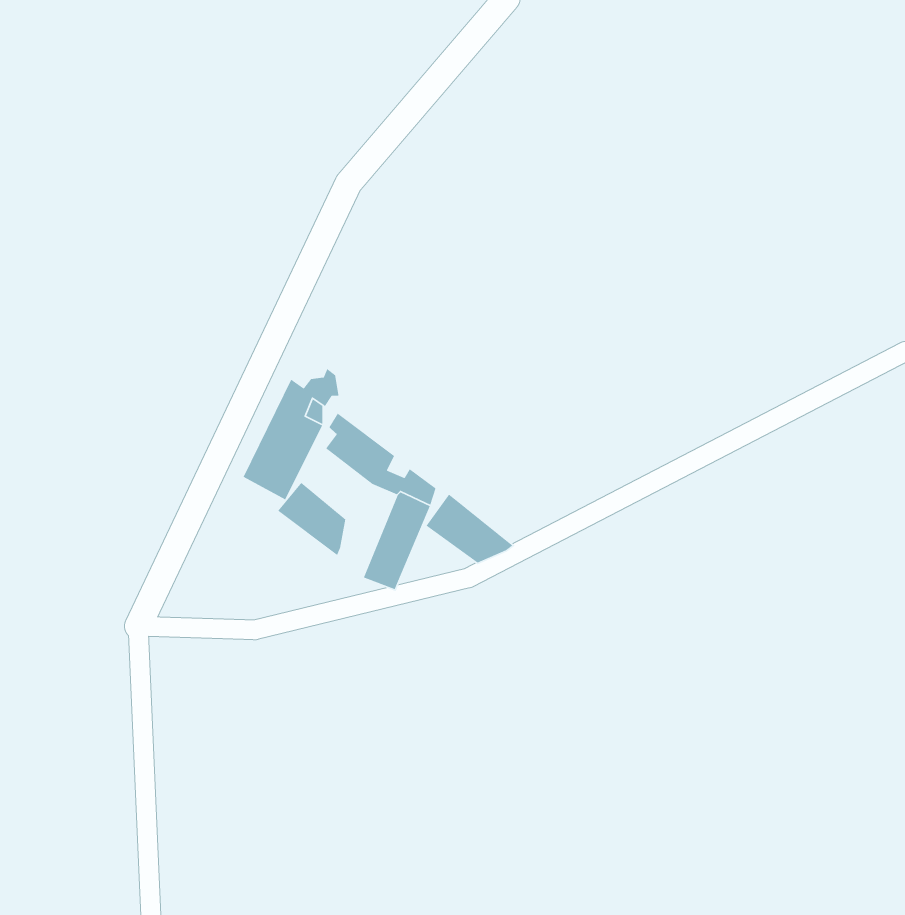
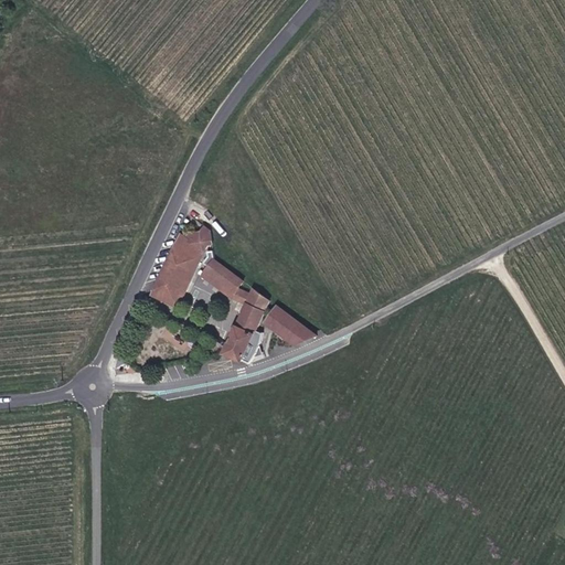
building: [277,482,346,556] -> none

